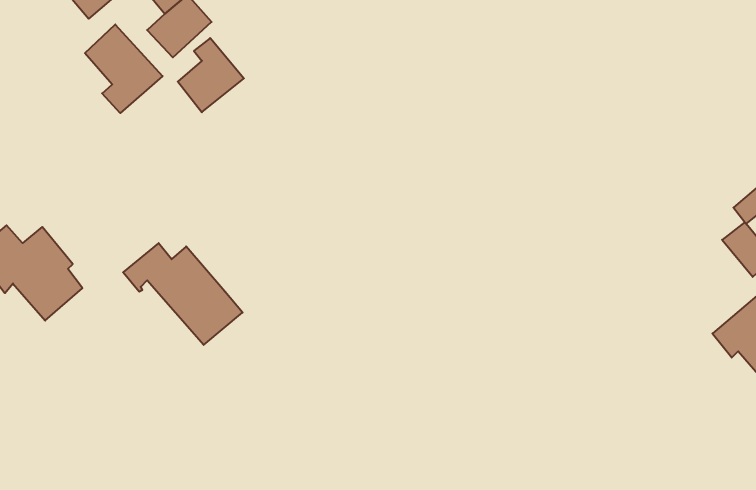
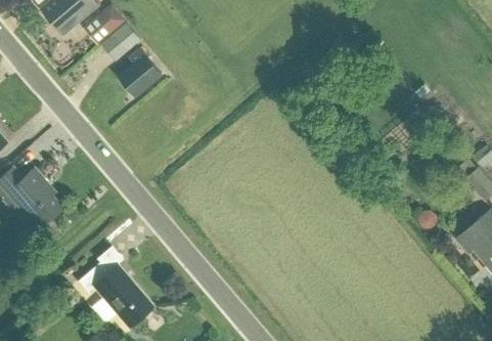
building: [85,24,163,113] -> none
building: [123,243,243,345] -> [78,262,153,327]

